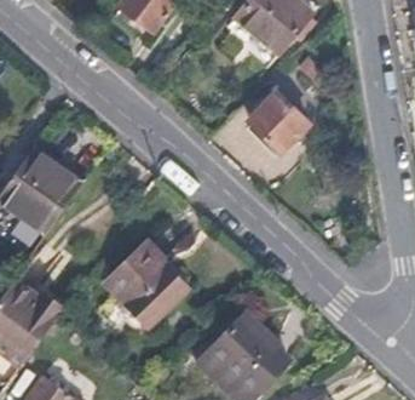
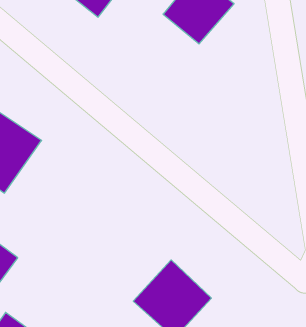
building: [253,91,313,152] -> none
building: [110,240,192,327] -> none

